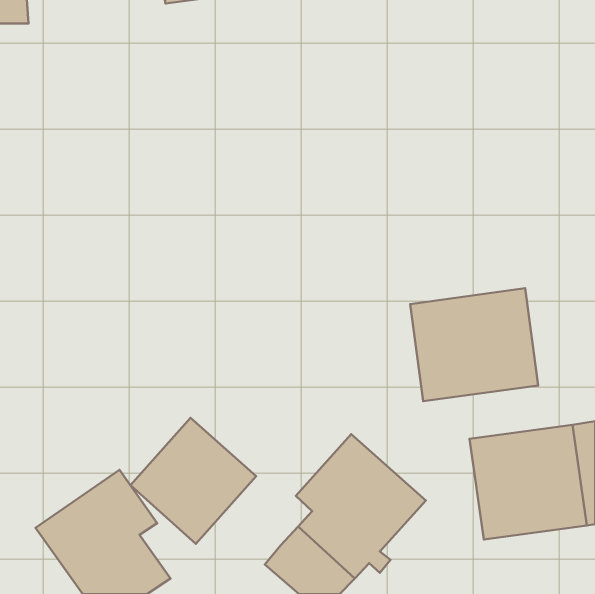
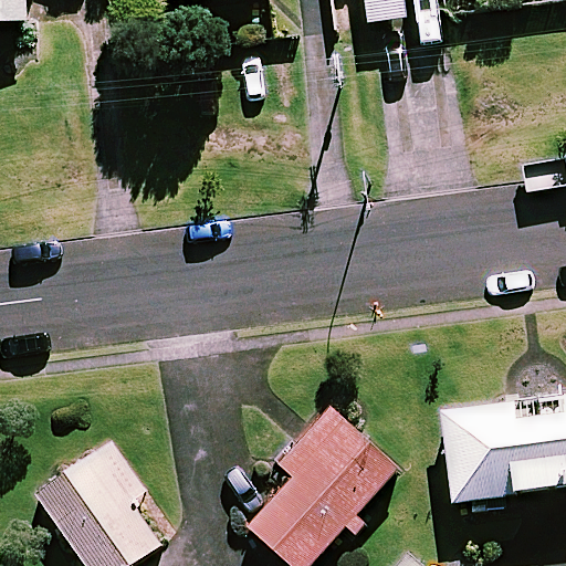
building: [410,288,538,401] -> none
building: [130,418,256,544] -> none

